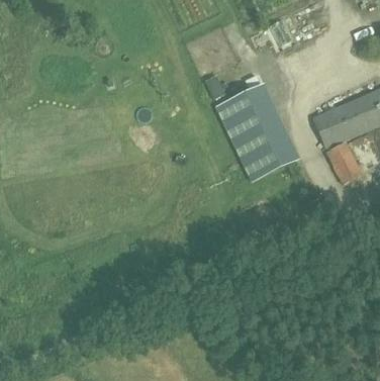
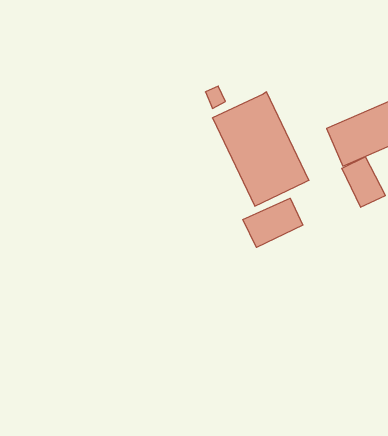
building: none -> [243,198,303,247]

